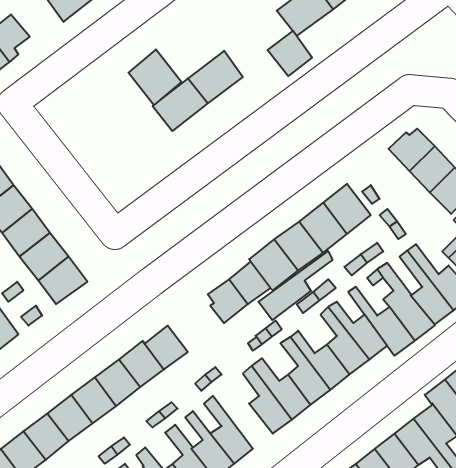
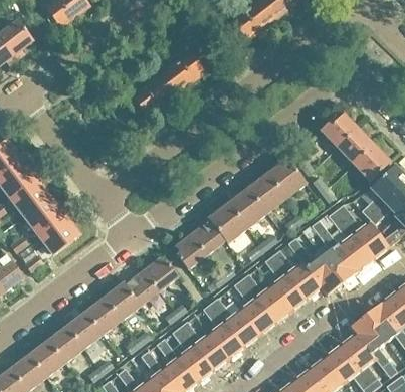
building: [268,31,312,76] -> none
building: [128,49,181,105] -> none
building: [258,251,332,320] -> none
building: none -> [143,259,178,292]
building: none -> [179,322,227,370]

